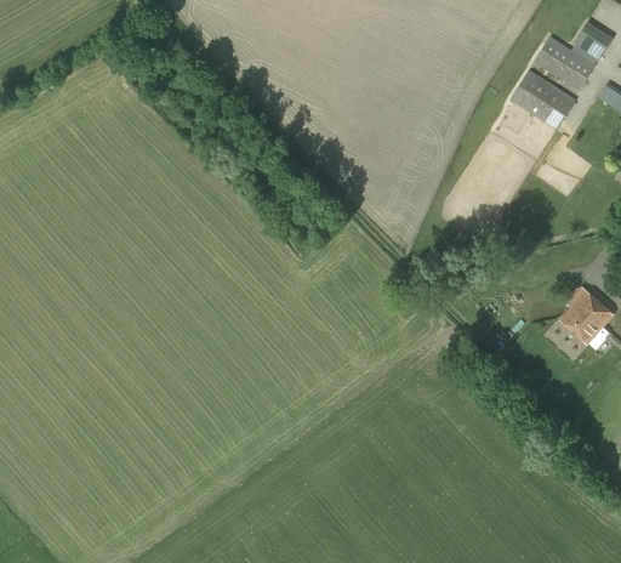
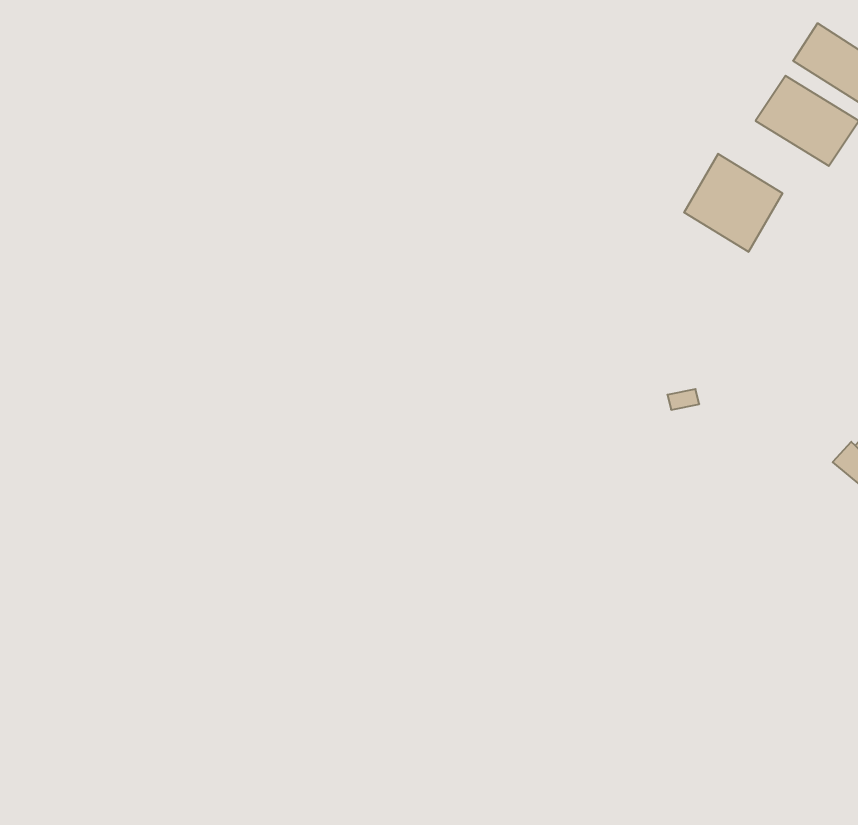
building: none -> [684,154,782,252]

